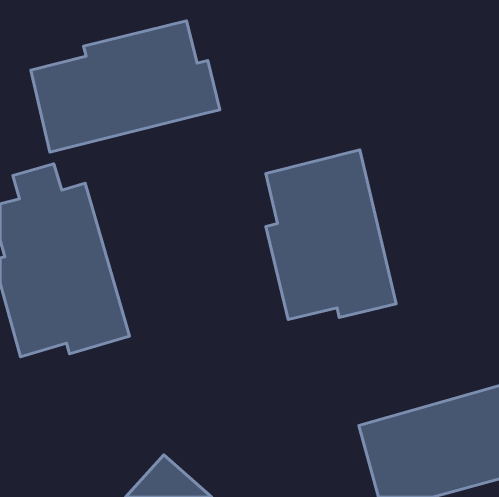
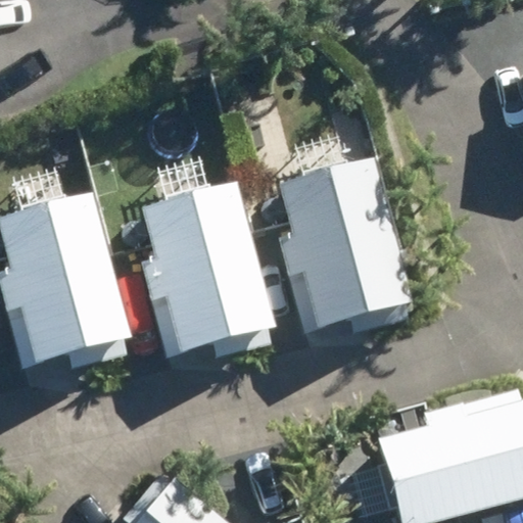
building: [31,21,220,152] -> none
building: none -> [140,158,277,356]

